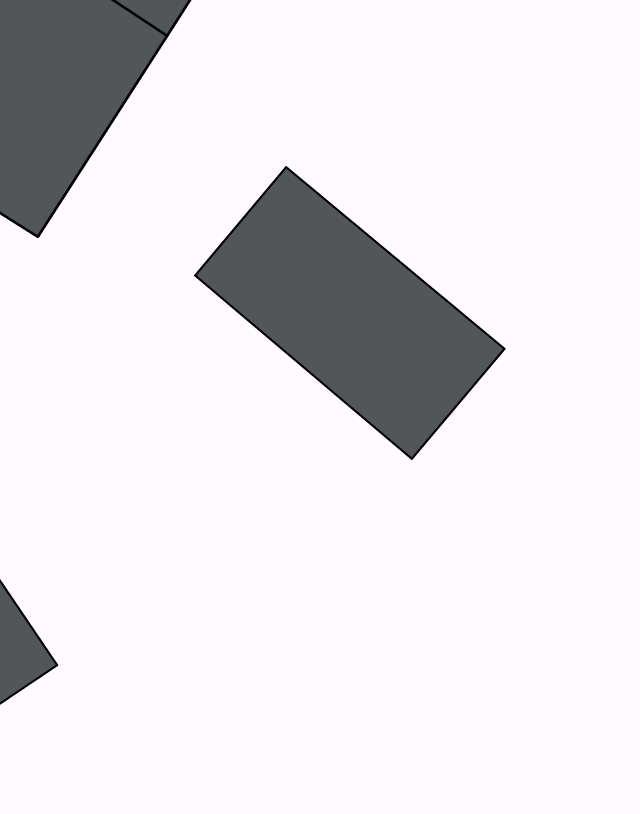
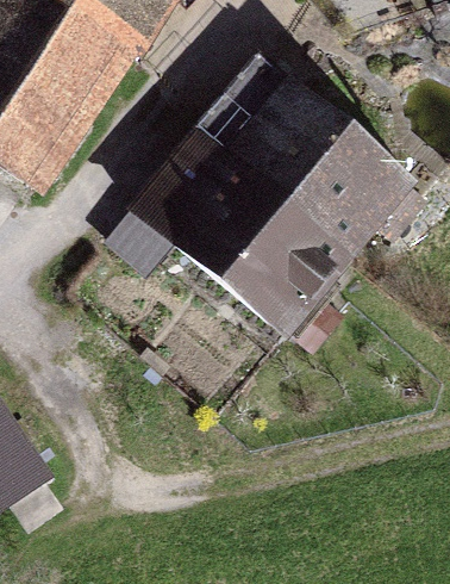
building: none -> [201,58,412,256]

